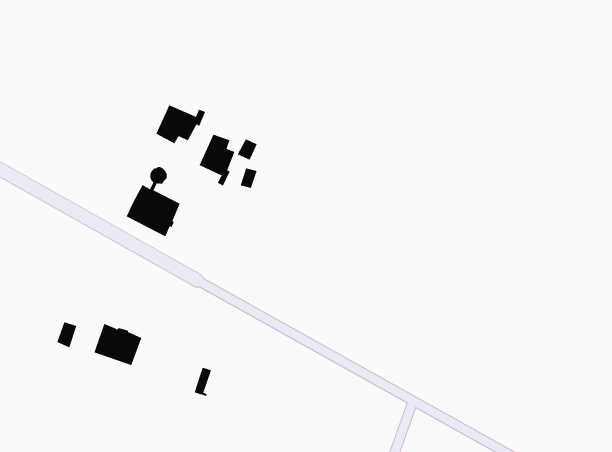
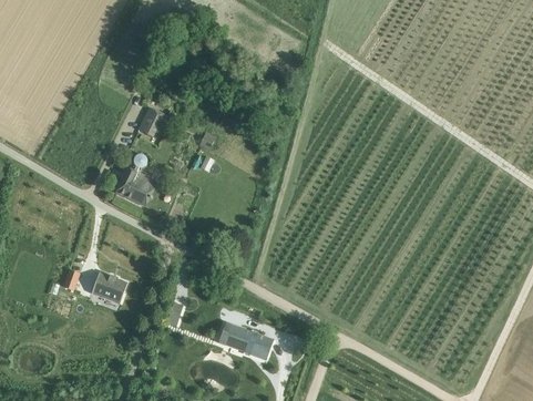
building: [199,134,235,186] -> none
building: none -> [224,323,271,360]

